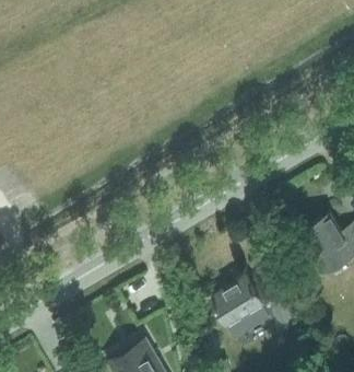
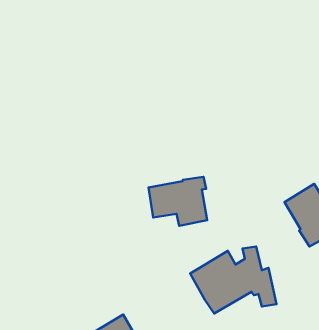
building: none -> [148,177,207,226]

